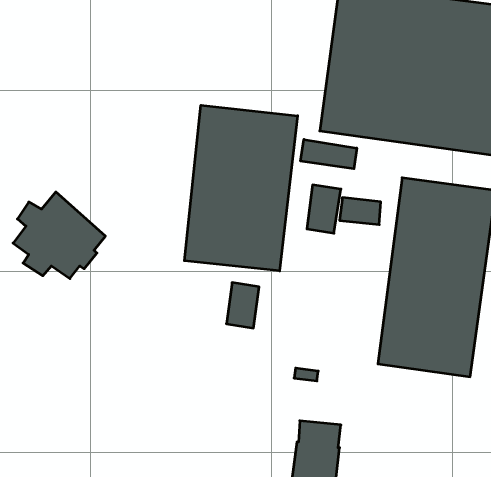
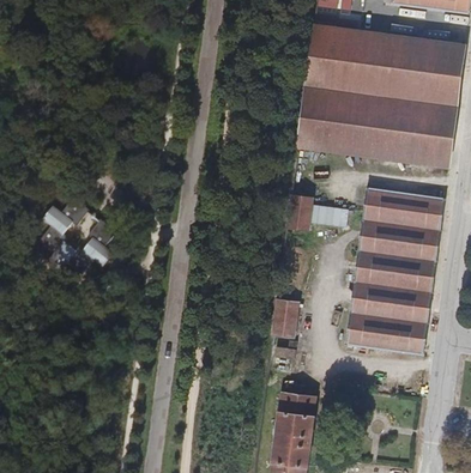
building: [184,105,298,271] -> none
building: [301,139,357,169] -> none
building: [226,283,259,328] -> [271,299,298,338]

